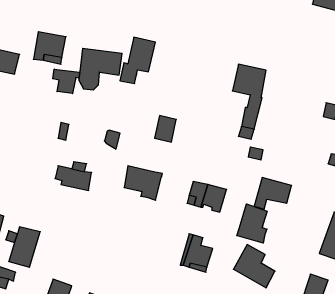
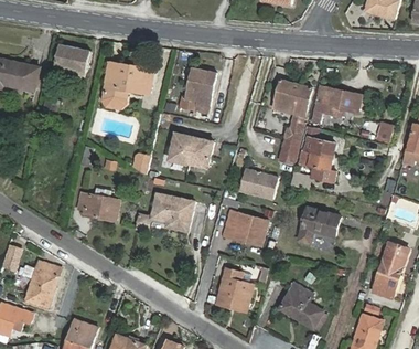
building: [120,37,155,84] -> [179,68,218,120]
building: [53,69,80,94] -> none
building: none -> [313,86,364,124]
building: none -> [169,133,194,163]
building: none -> [304,136,337,181]
building: none -> [240,168,280,199]
building: [237,204,267,243] -> none

